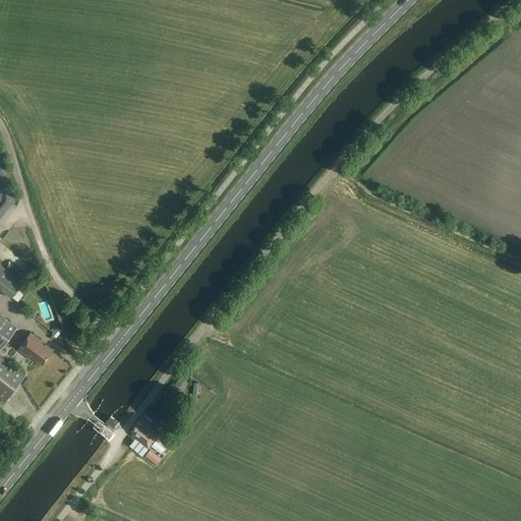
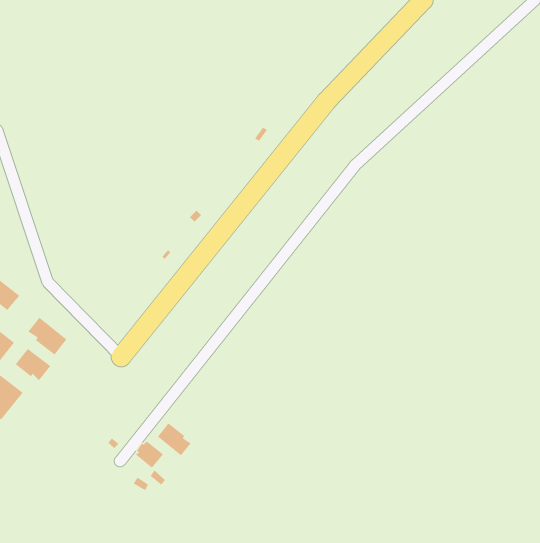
building: none -> [28,317,67,355]
building: none -> [157,422,191,456]

